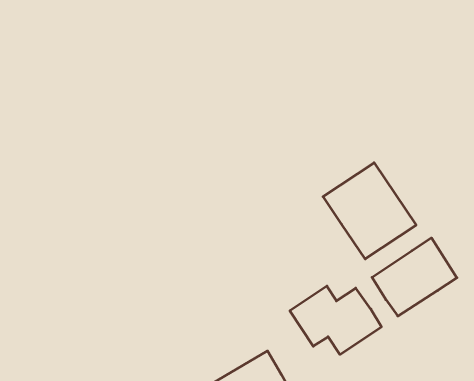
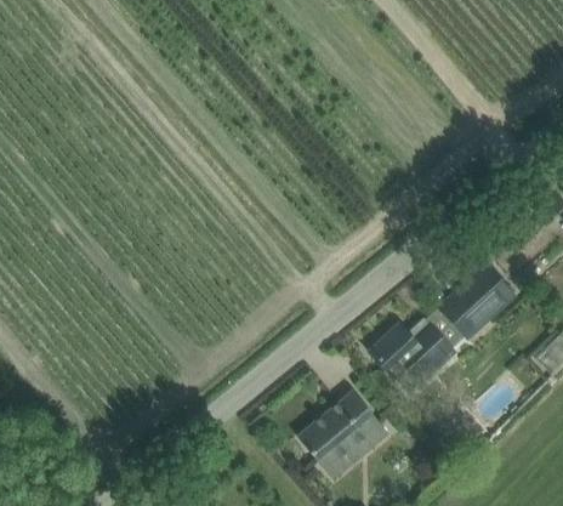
building: [323,163,416,259] -> none

